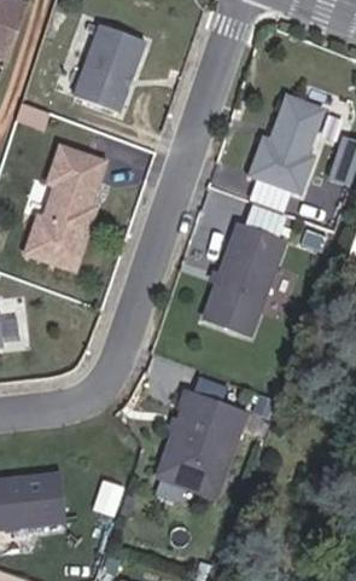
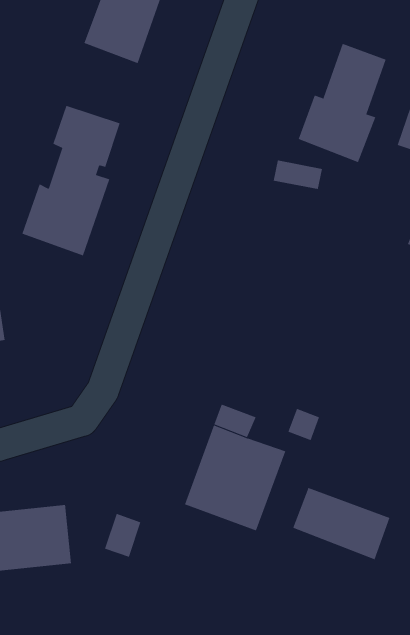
building: [206,225,286,335] -> none
building: none -> [293,487,390,560]

